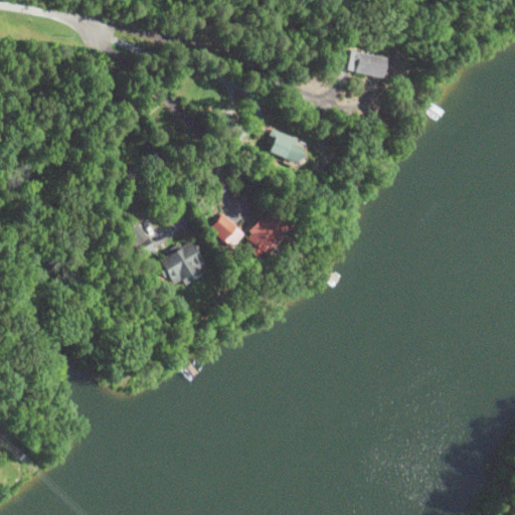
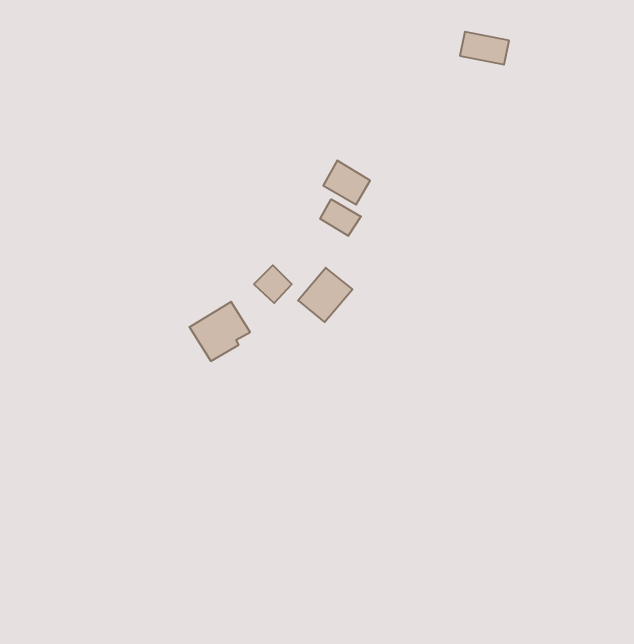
building: [346,49,385,75] -> [460,32,509,65]
building: none -> [320,199,361,236]

